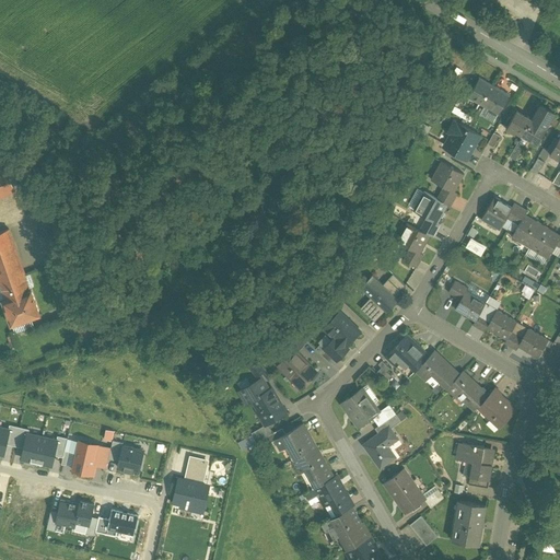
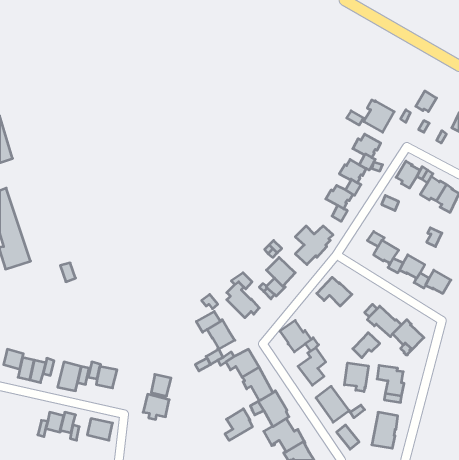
building: [467,78,508,115] -> none
building: [521,105,553,144] -> none
building: [415,351,447,382] -> [353,333,380,358]
building: none -> [344,363,368,392]
building: none -> [225,409,252,440]

